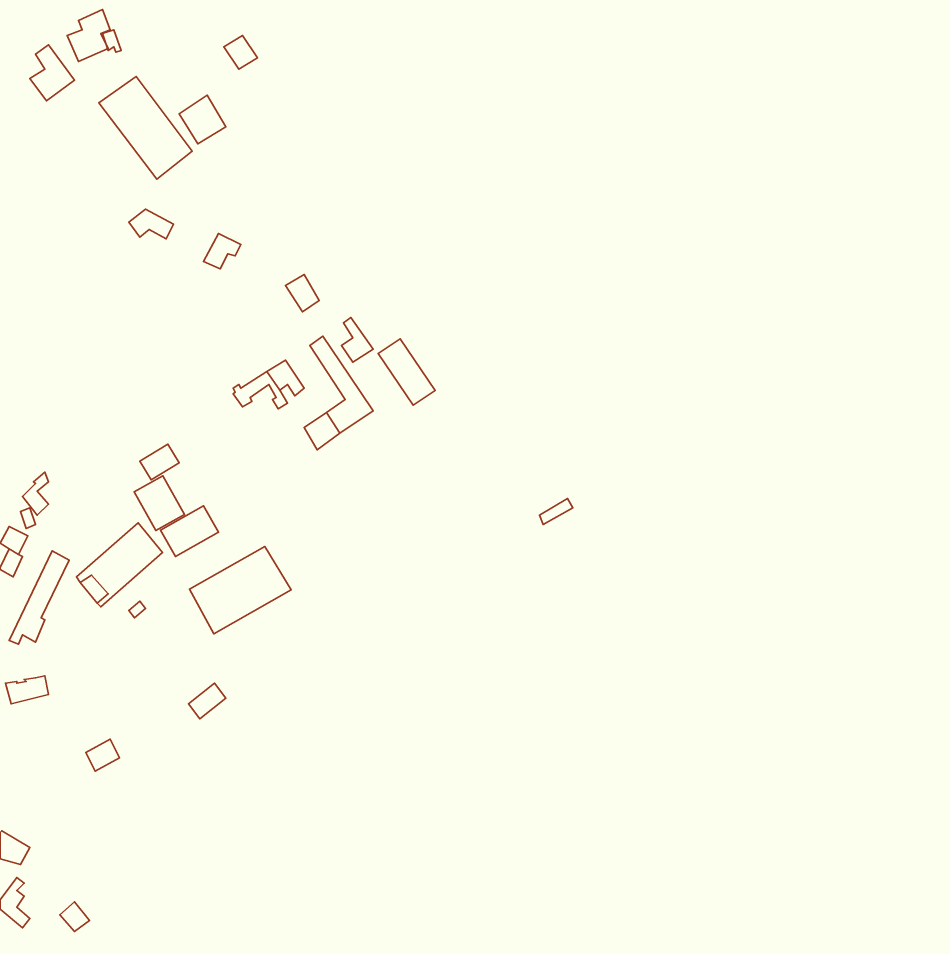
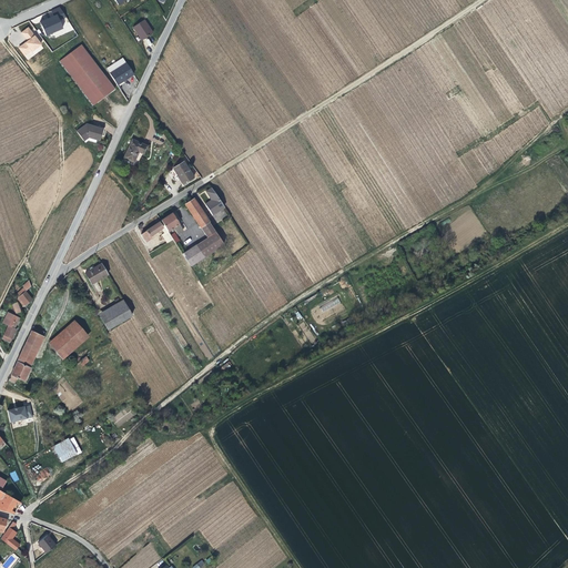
building: [378,339,435,405] -> none
building: [134,476,185,531] -> none
building: [190,546,291,634] -> none

